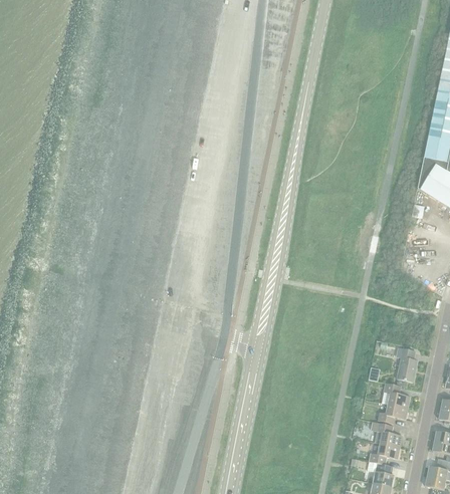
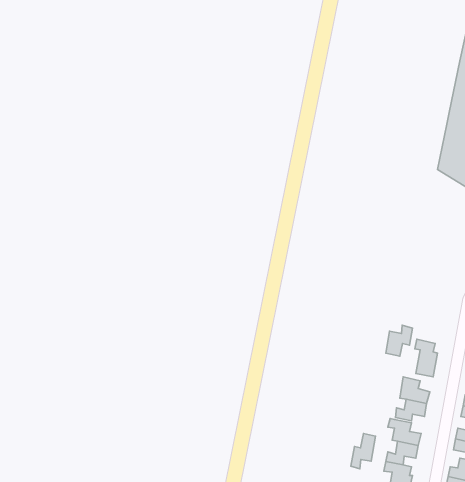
building: none -> [386,325,413,356]
building: none -> [351,433,376,469]

